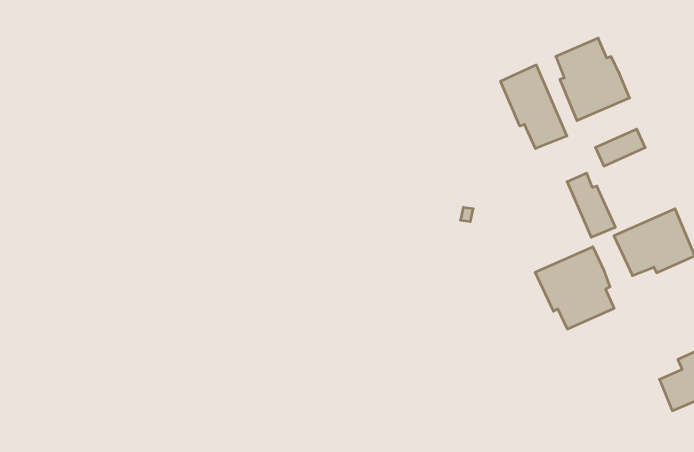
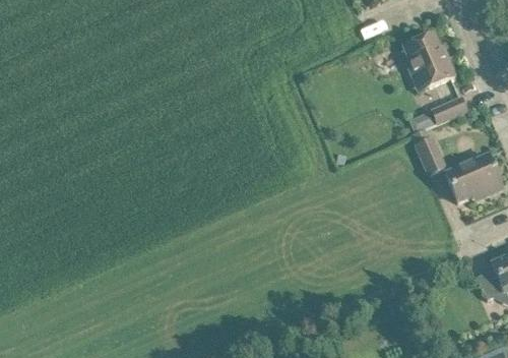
building: [501,65,567,149] -> none
building: [535,247,614,329] -> none

